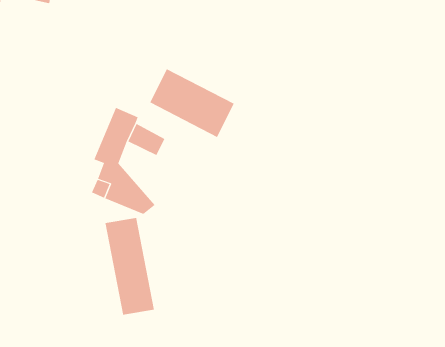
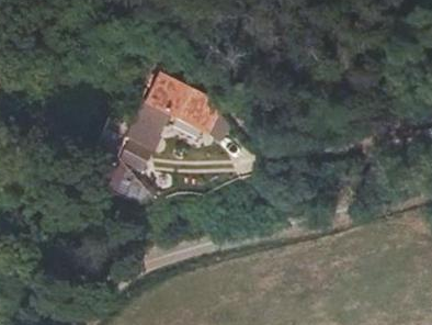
building: [105,217,155,316] -> none

